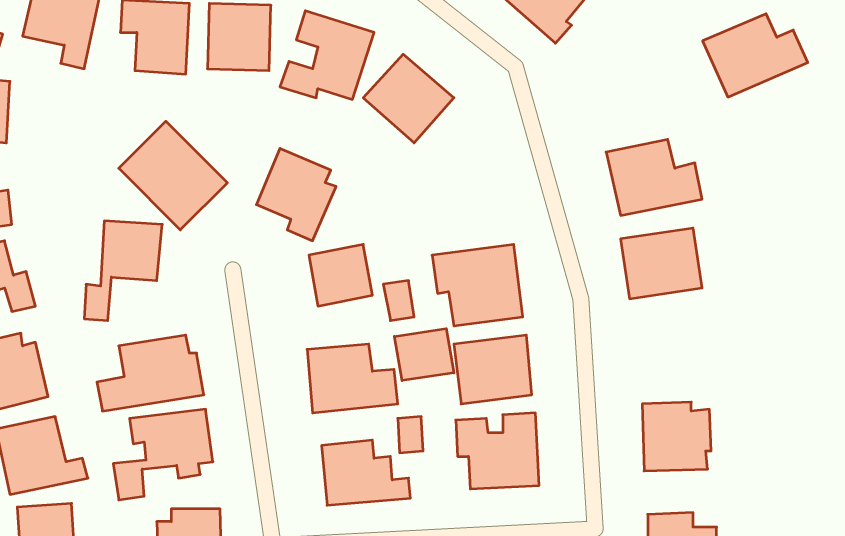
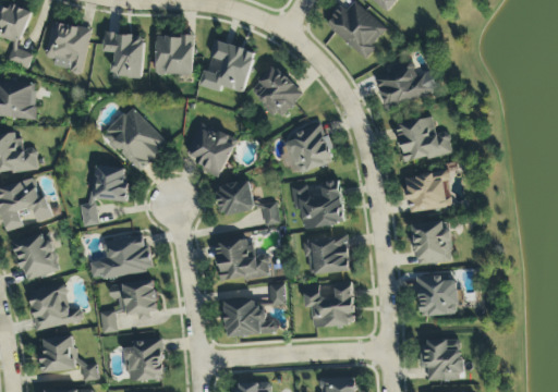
building: [703,14,808,97] -> [373,60,436,110]
building: none -> [284,122,333,172]
building: none -> [413,220,451,262]
building: [394,329,454,381] -> none

